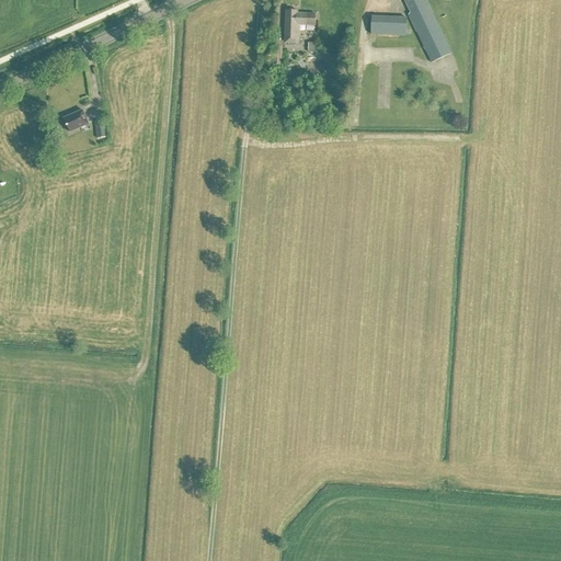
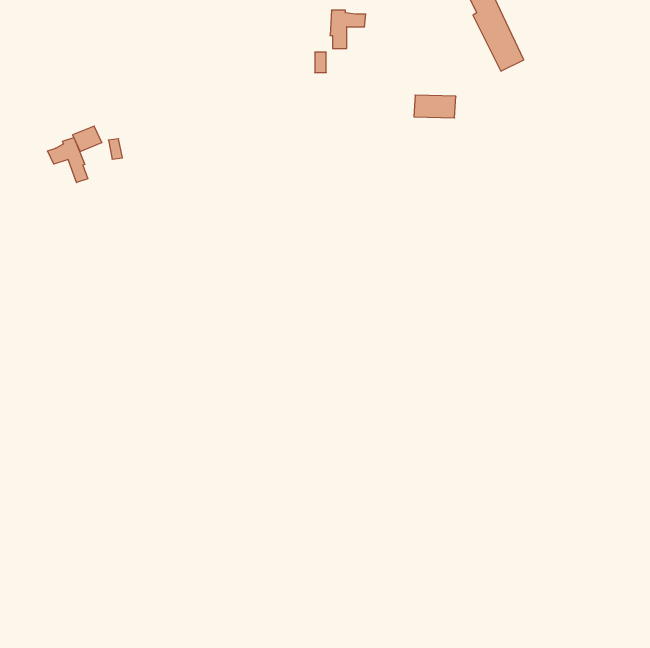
building: [370,15,407,35] -> [414,95,456,118]
building: none -> [48,137,88,183]

